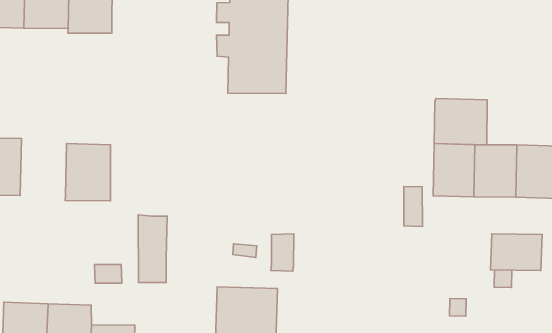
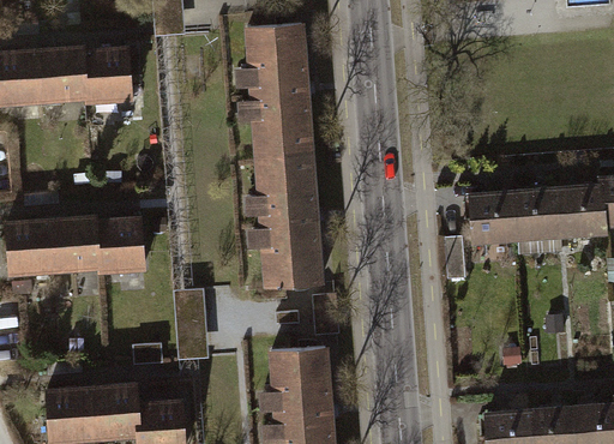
building: none -> [245,152,325,288]
building: [434,99,487,145] -> none
building: none -> [47,220,97,281]
building: [491,234,542,271] -> none

